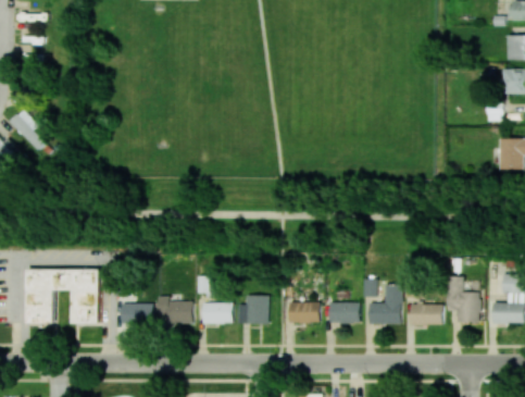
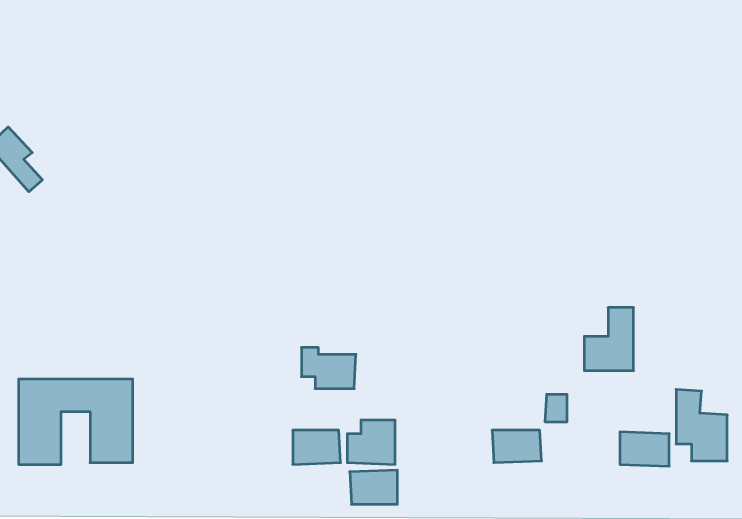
building: [370,284,401,324] -> [584,308,634,371]
building: [158,297,192,323] -> [301,348,356,389]
building: [289,301,320,323] -> [350,470,397,504]
building: [121,302,152,327] -> none

